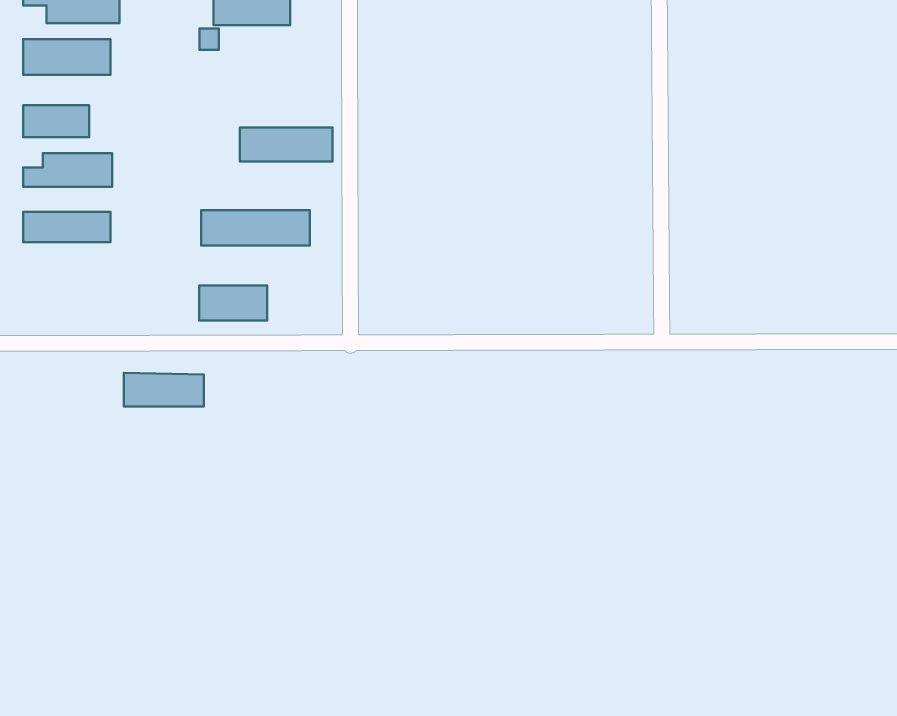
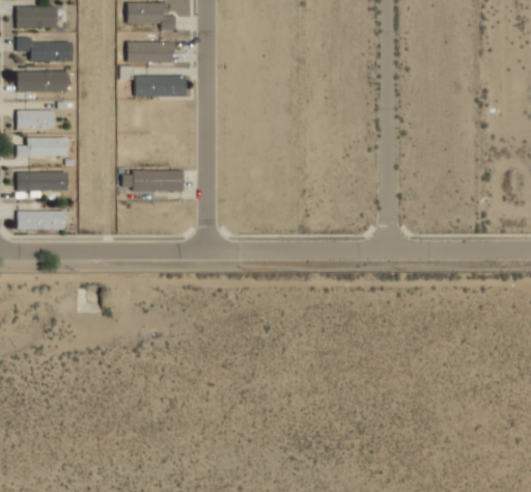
building: [240,128,332,161] -> [135,76,189,95]
building: [199,286,267,320] -> none
building: [124,373,204,407] -> [18,210,64,229]

